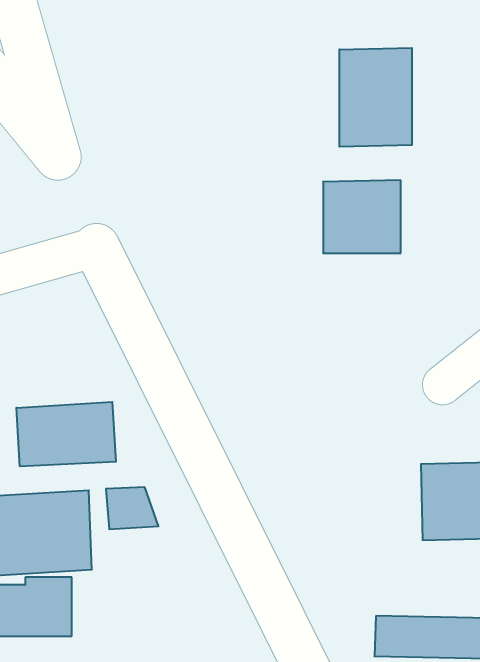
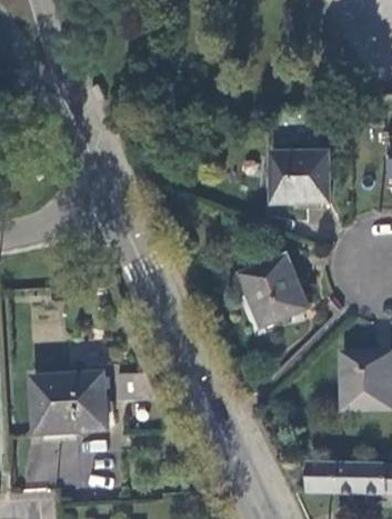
building: [339,48,412,147] -> none
building: none -> [240,254,309,328]
building: [16,402,116,466] -> none

